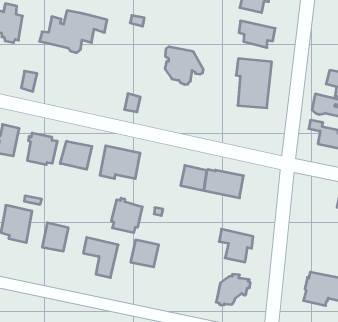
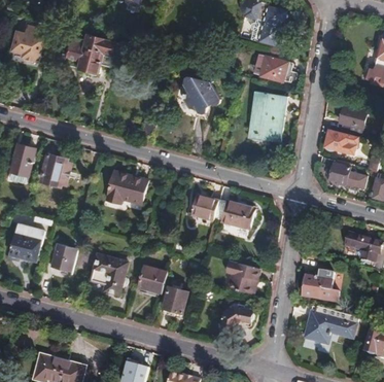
building: [60,141,92,169] -> none
building: [111,198,142,233] -> none
building: none -> [302,270,338,301]
building: none -> [161,286,187,316]

